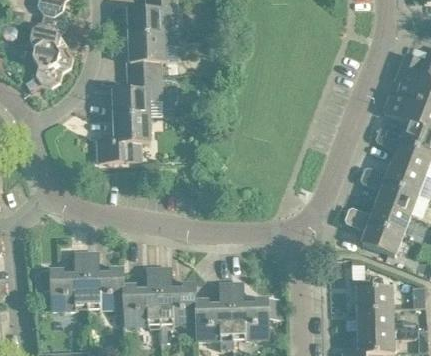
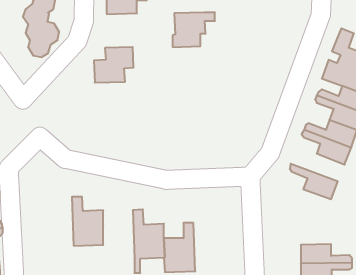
building: [126,35,176,76] -> [173,12,215,47]
building: [98,116,150,161] -> none
building: [346,201,410,234] -> none
building: [40,252,89,310] -> none
building: [124,268,161,326] -> none
building: [356,279,394,309] -> none
building: [231,283,279,340] -> none

